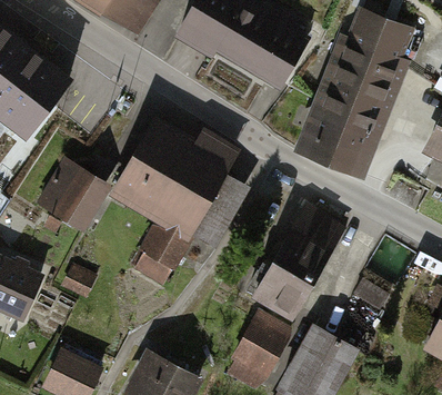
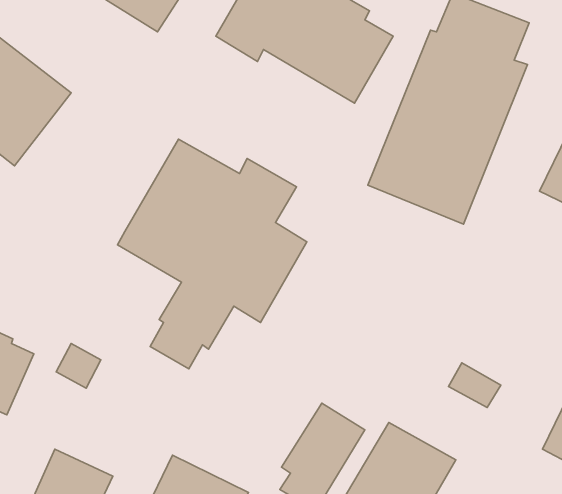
building: [37,156,111,231] -> none
building: [249,206,346,320] -> none

